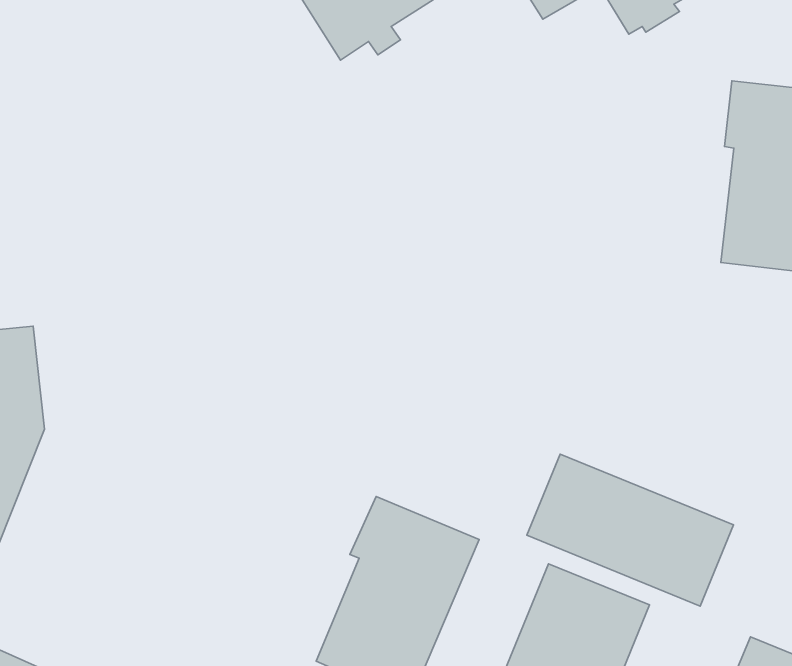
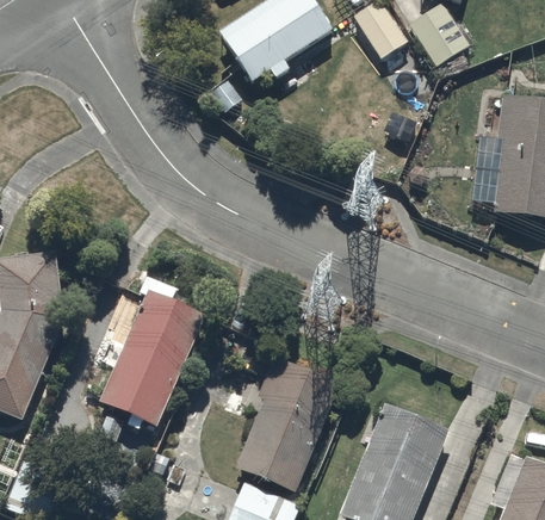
building: none -> [99,292,204,450]
building: [527,454,733,606] -> none

